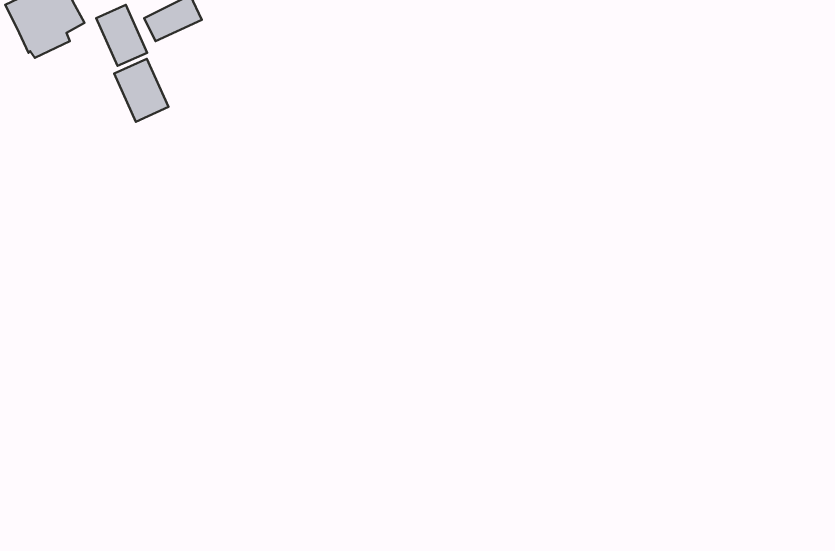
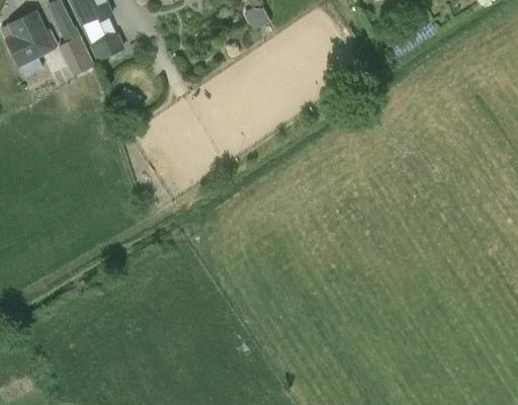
building: [114,59,168,122] -> none

